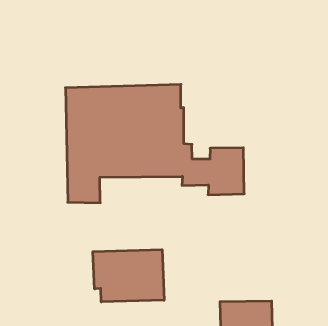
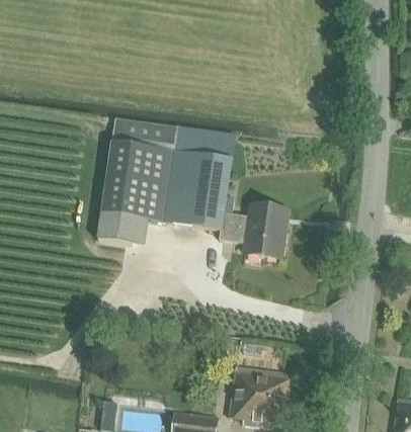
building: [93,250,164,302] -> none

